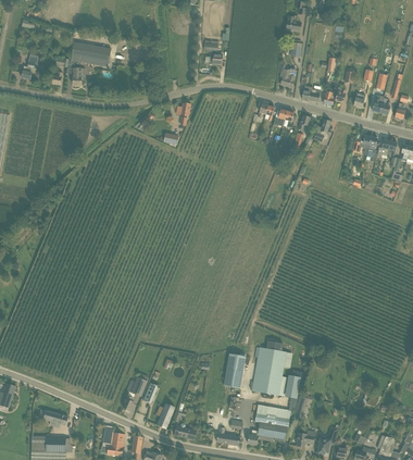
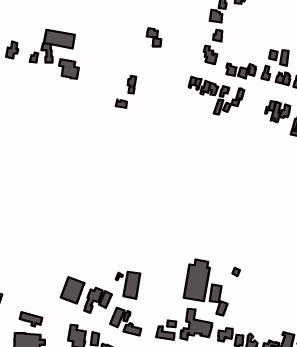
building: none -> [59,59,79,79]
building: [223,353,245,388] -> [123,272,140,299]
building: none -> [61,277,85,303]

